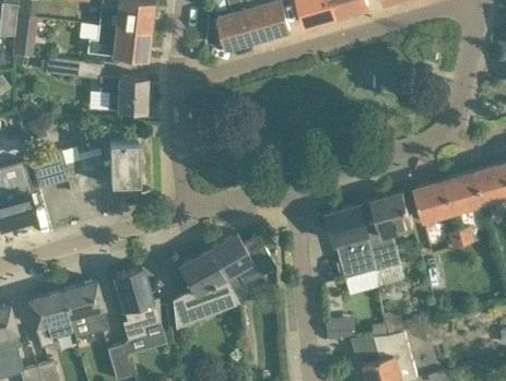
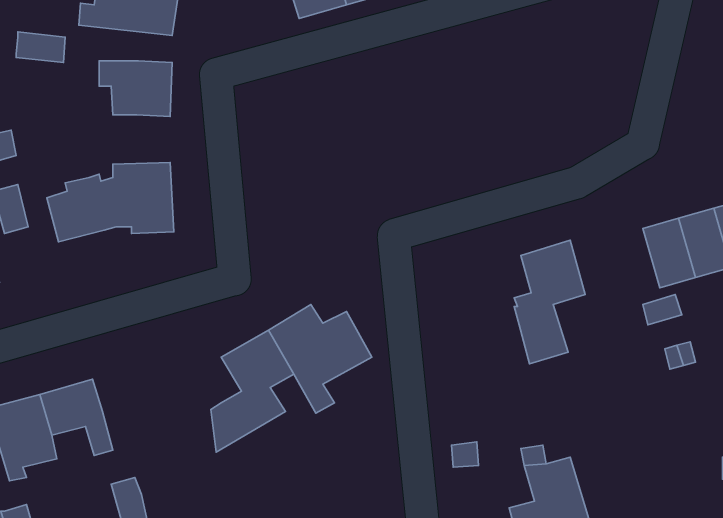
building: [427,184,461,229] -> none
building: [327,204,379,295] -> none
building: [114,269,160,341] -> none

